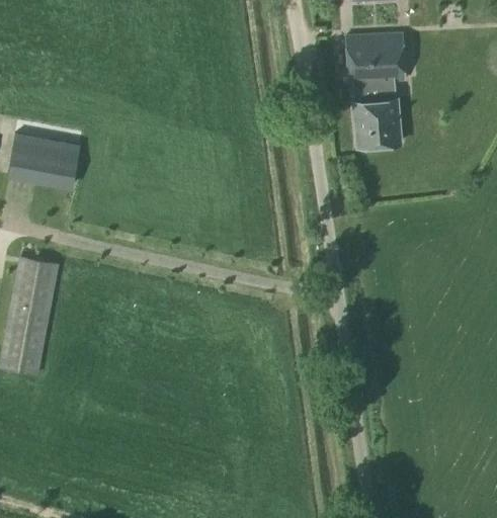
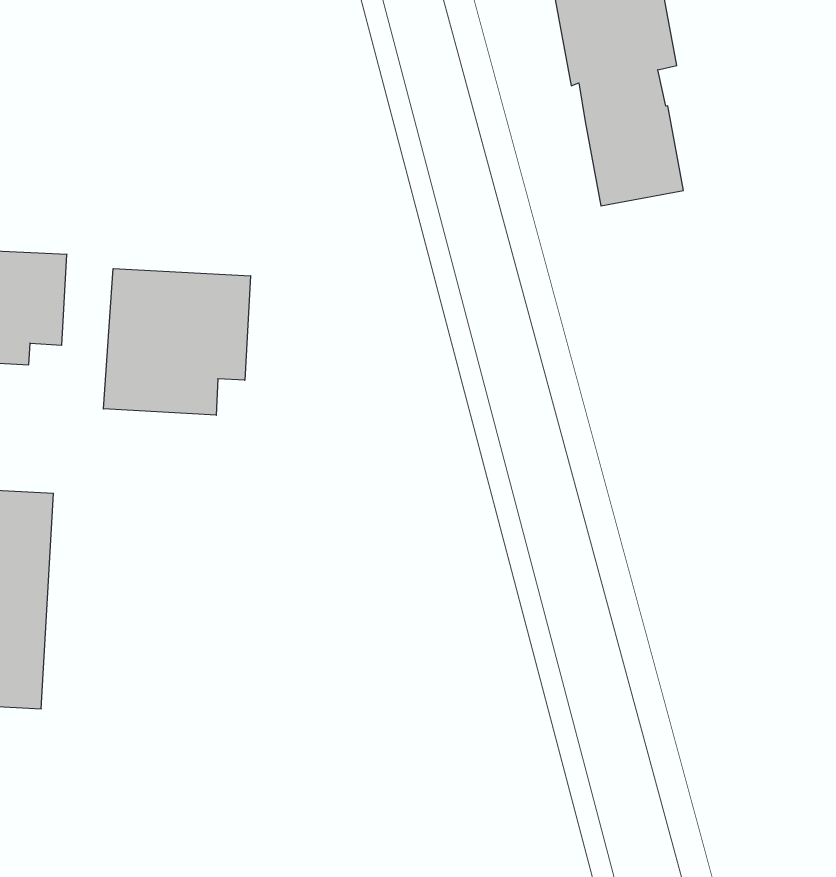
building: none -> [103,269,251,415]

